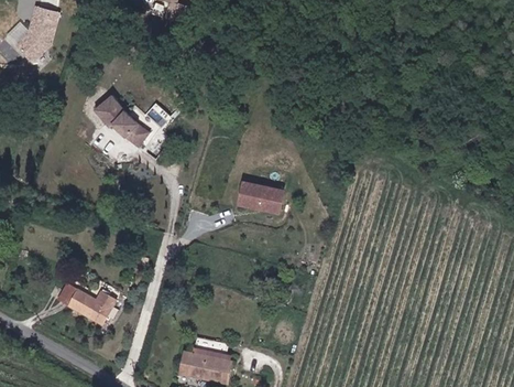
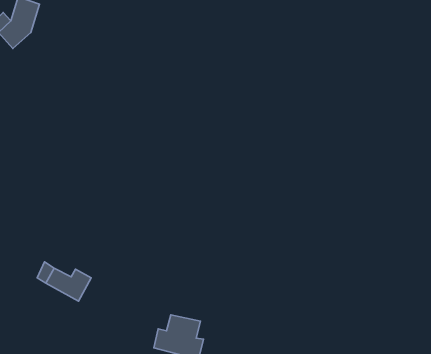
building: [101,103,149,147] -> none
building: [237,183,282,214] -> none

